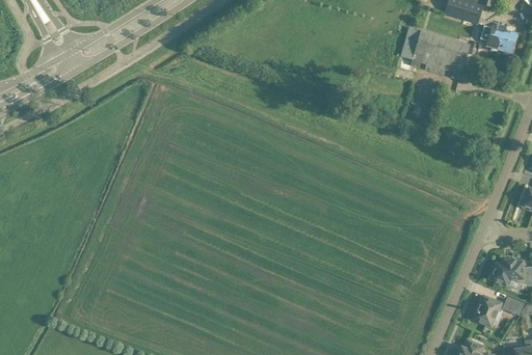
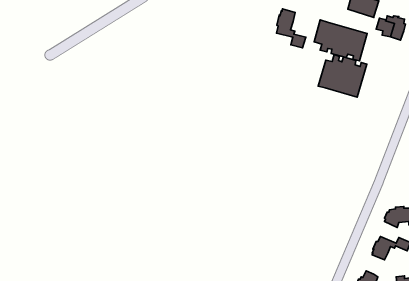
building: none -> [277,9,306,48]
building: none -> [318,55,367,97]

